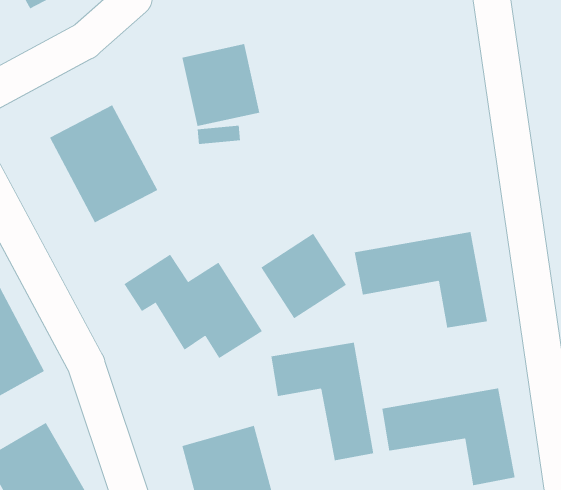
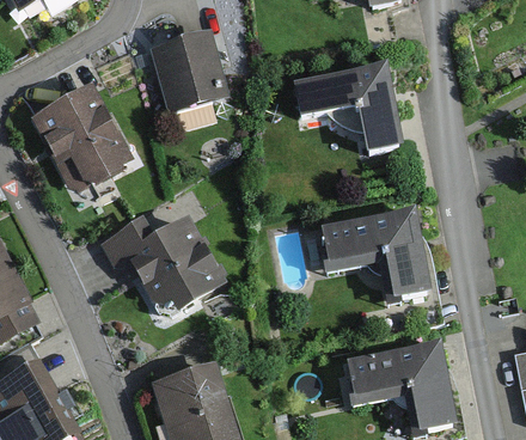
building: none -> [279,61,395,146]
building: [260,233,347,319] -> none
building: [271,342,374,461] -> none

